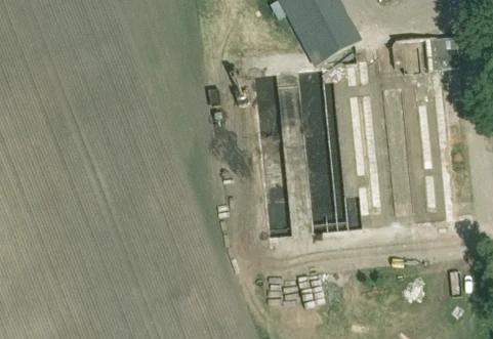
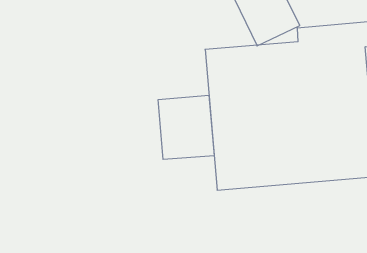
building: none -> [158,95,214,159]

